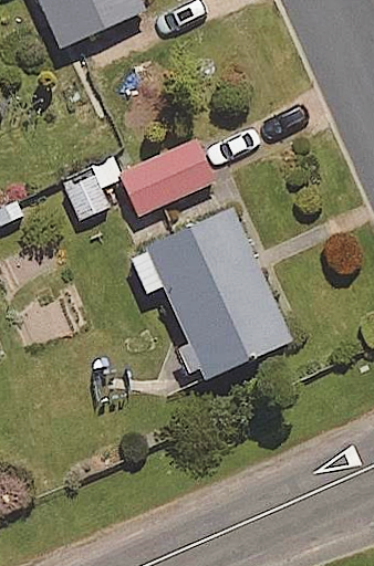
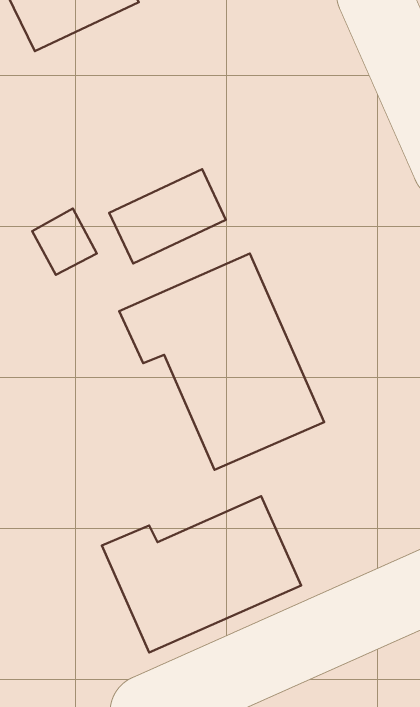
building: none -> [102,496,301,653]

